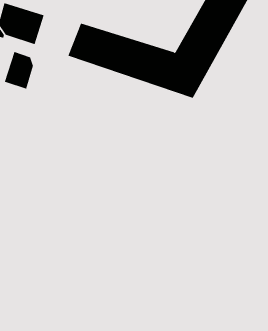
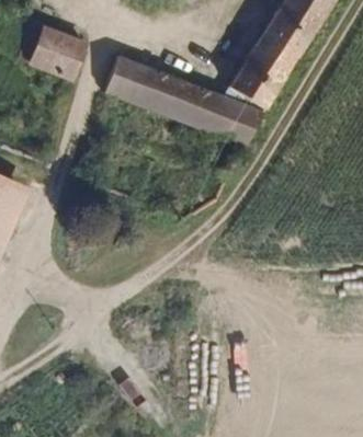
building: [4,51,34,89] -> none

